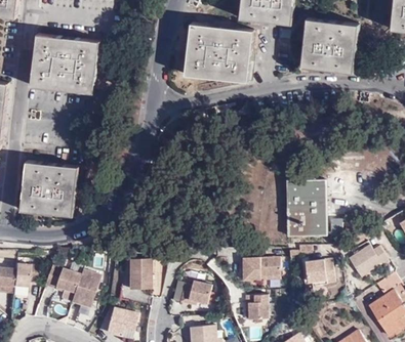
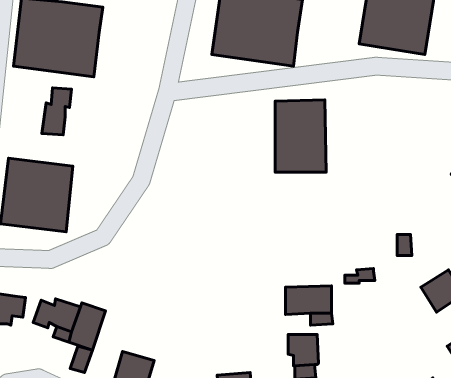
building: none -> [42,88,71,135]
building: [285,178,325,234] -> [275,100,326,172]
building: [129,258,152,289] -> none
building: [305,258,333,283] -> none
building: [179,279,212,302] -> none

